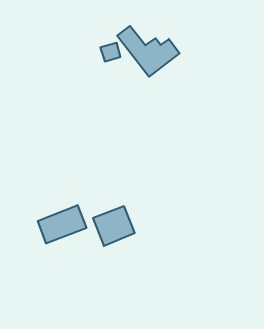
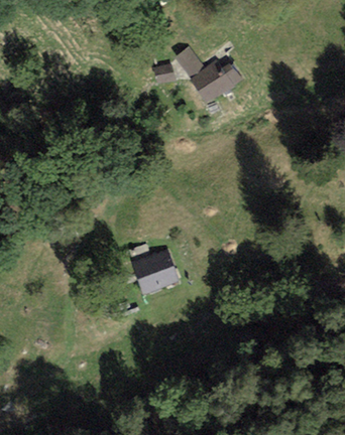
building: [38,205,86,243] -> none

